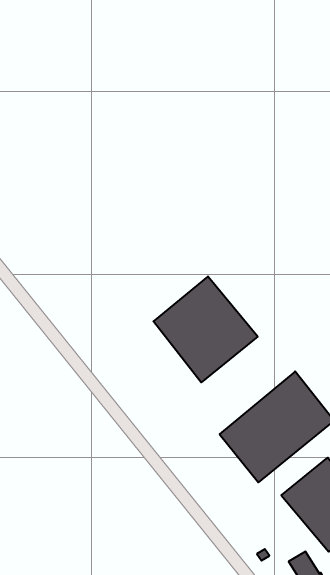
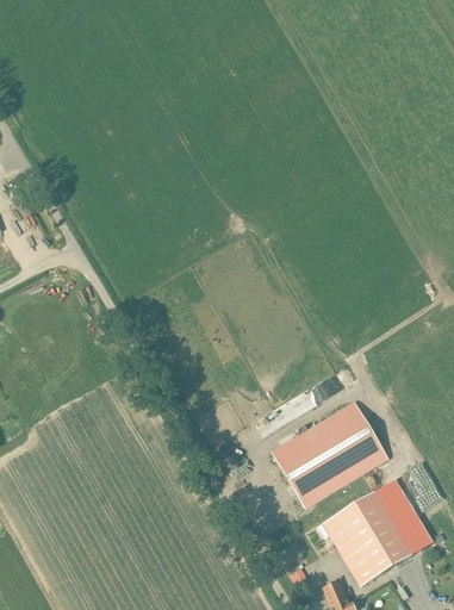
building: [153,276,258,382] -> none

